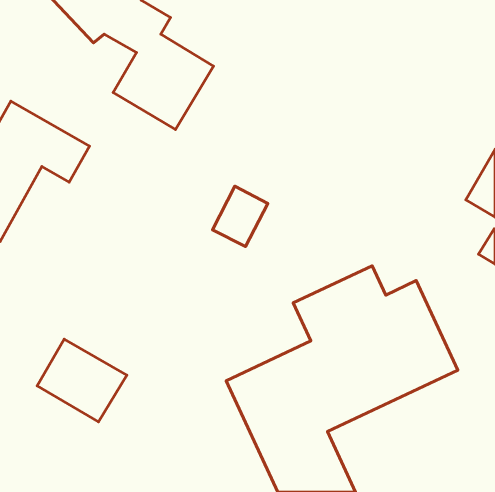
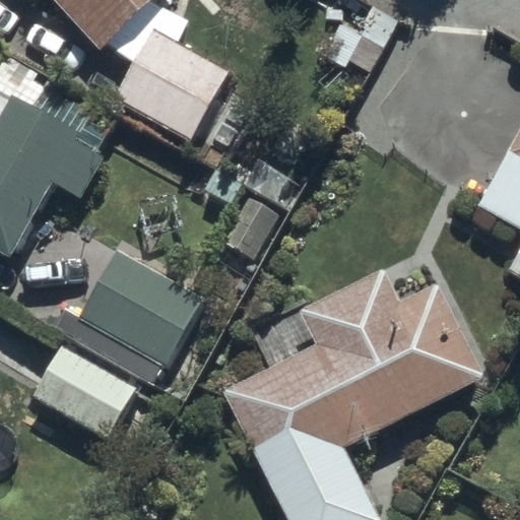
building: none -> [89,254,202,364]

